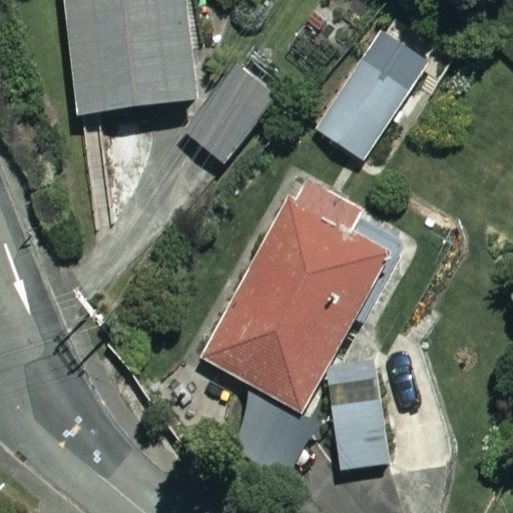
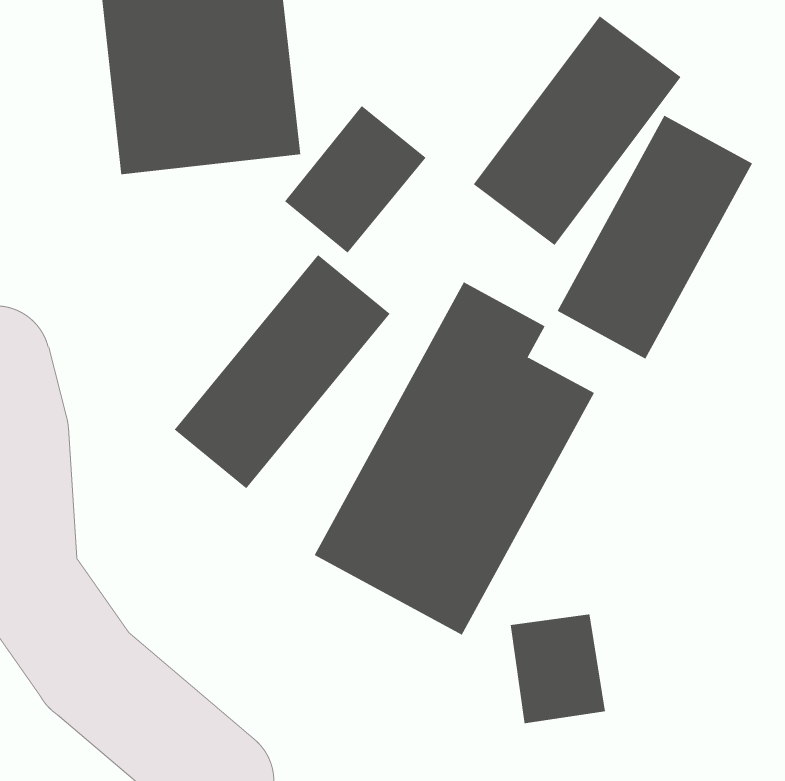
building: none -> [557,115,753,359]
building: none -> [174,254,391,489]

